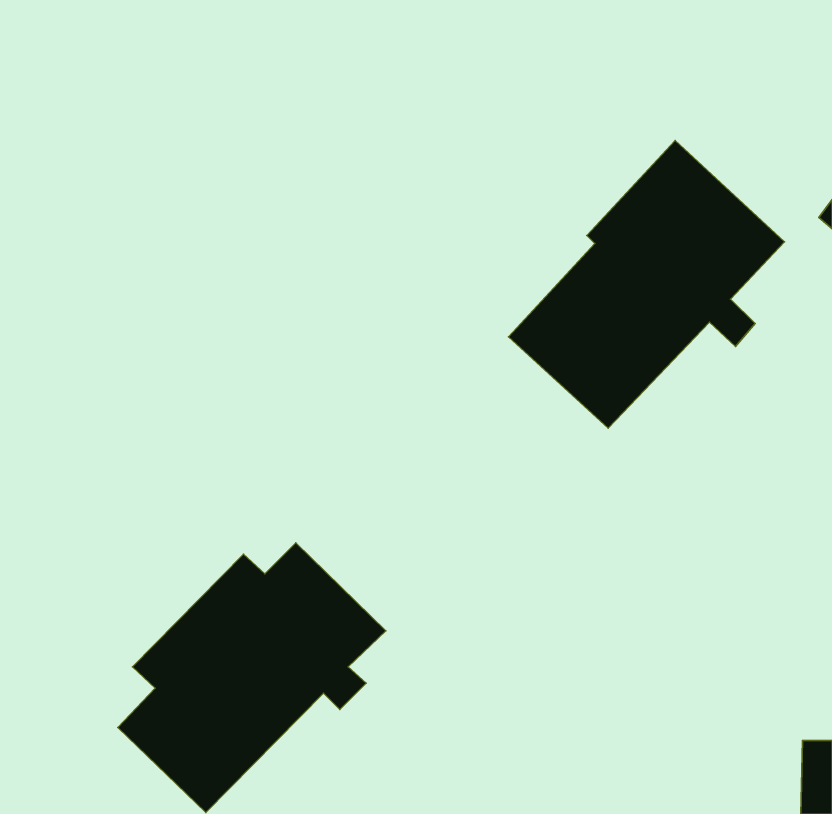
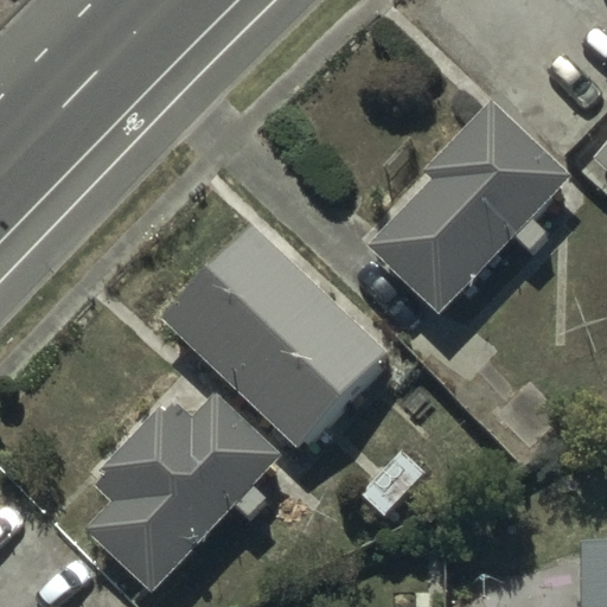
building: none -> [161,223,385,446]

